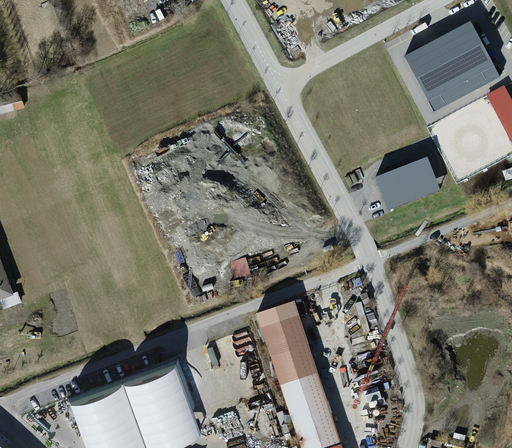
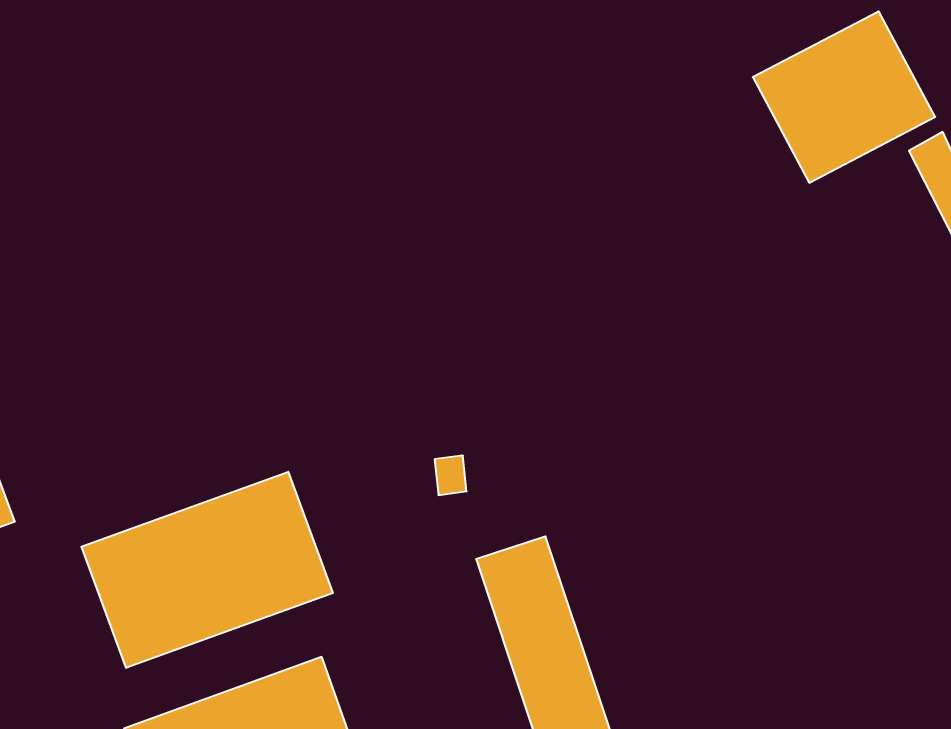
building: [375,157,440,210] -> none
building: none -> [81,472,333,668]

